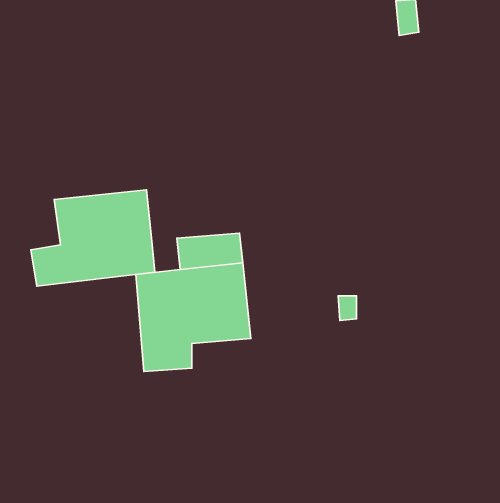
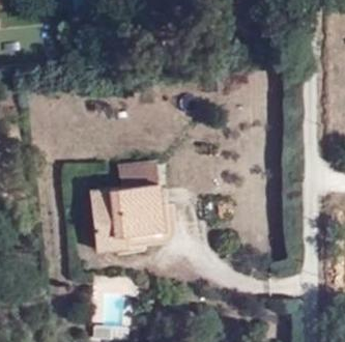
building: [31,190,155,286] -> none

